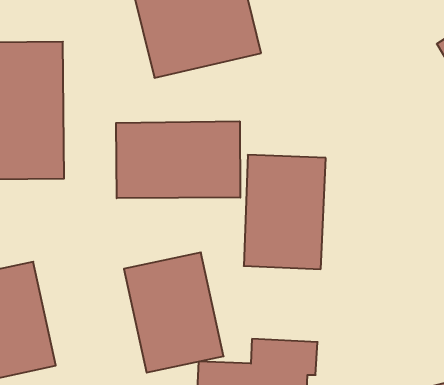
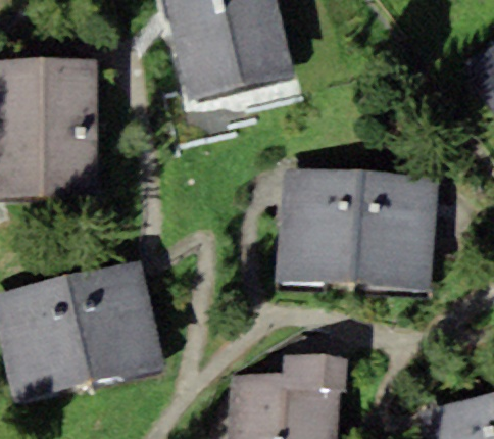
building: [116,121,240,198] -> none
building: none -> [352,175,439,288]
building: [124,252,224,373] -> [66,261,165,381]

